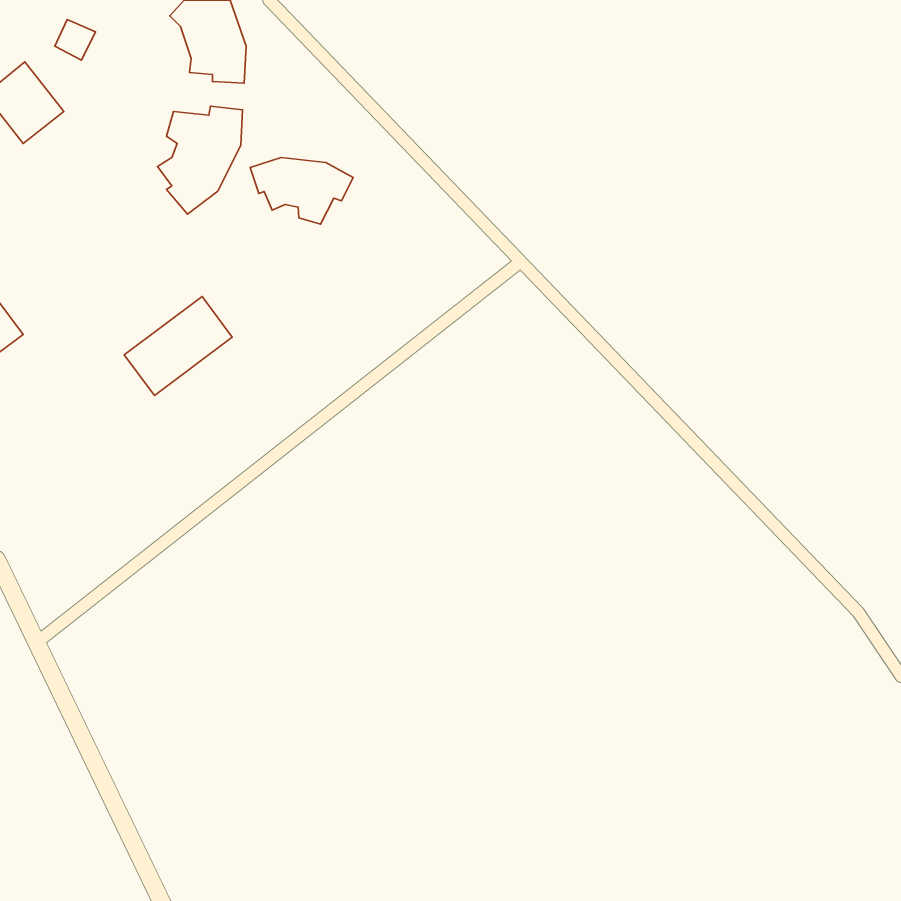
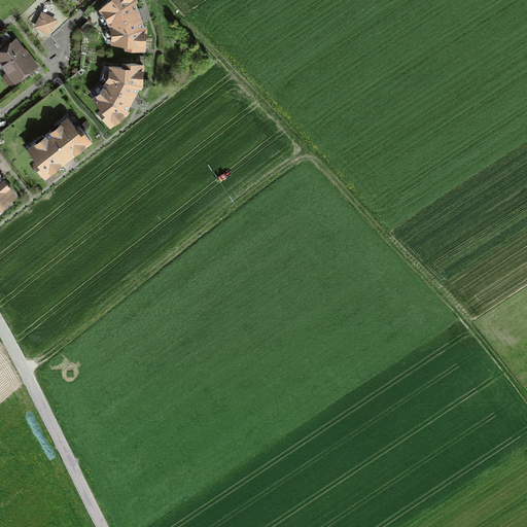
building: [250,157,353,224] -> none
building: [124,296,232,396] -> [26,117,89,175]

